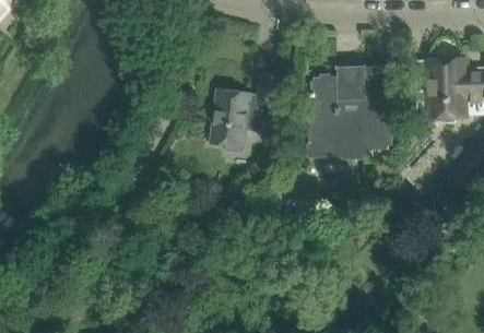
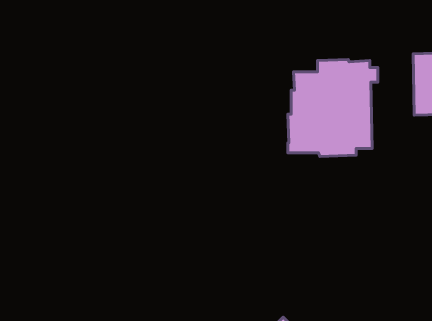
building: [209,74,275,146] -> none

